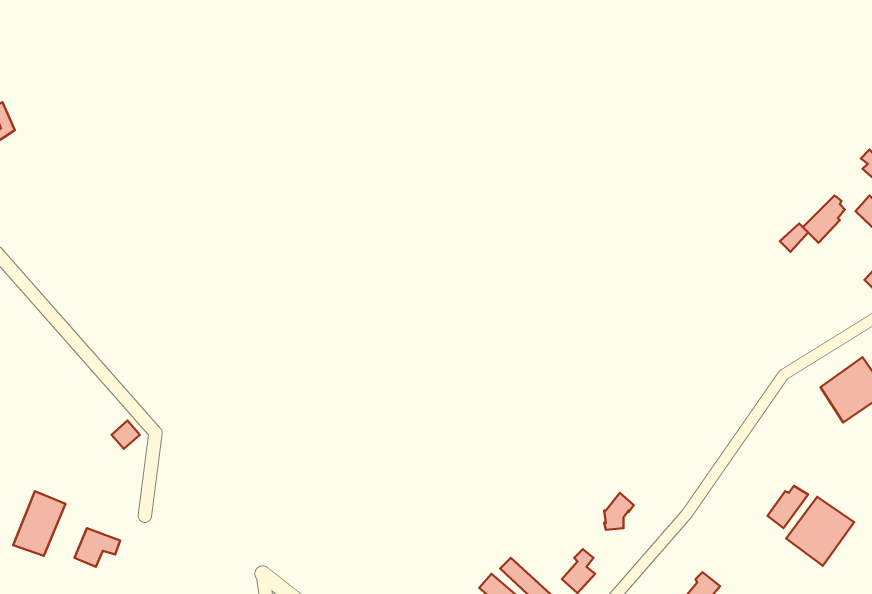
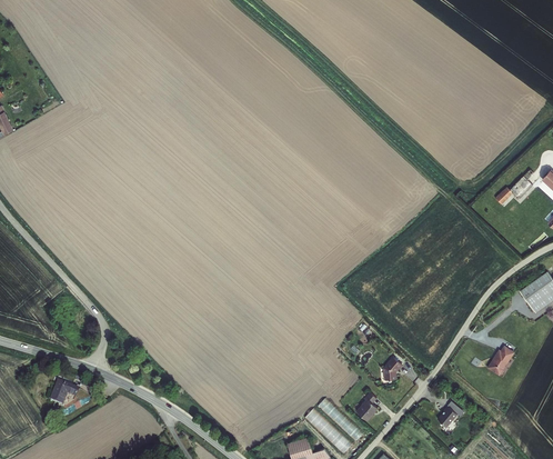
building: [13,491,65,556] -> none
building: [786,497,854,566] -> none

